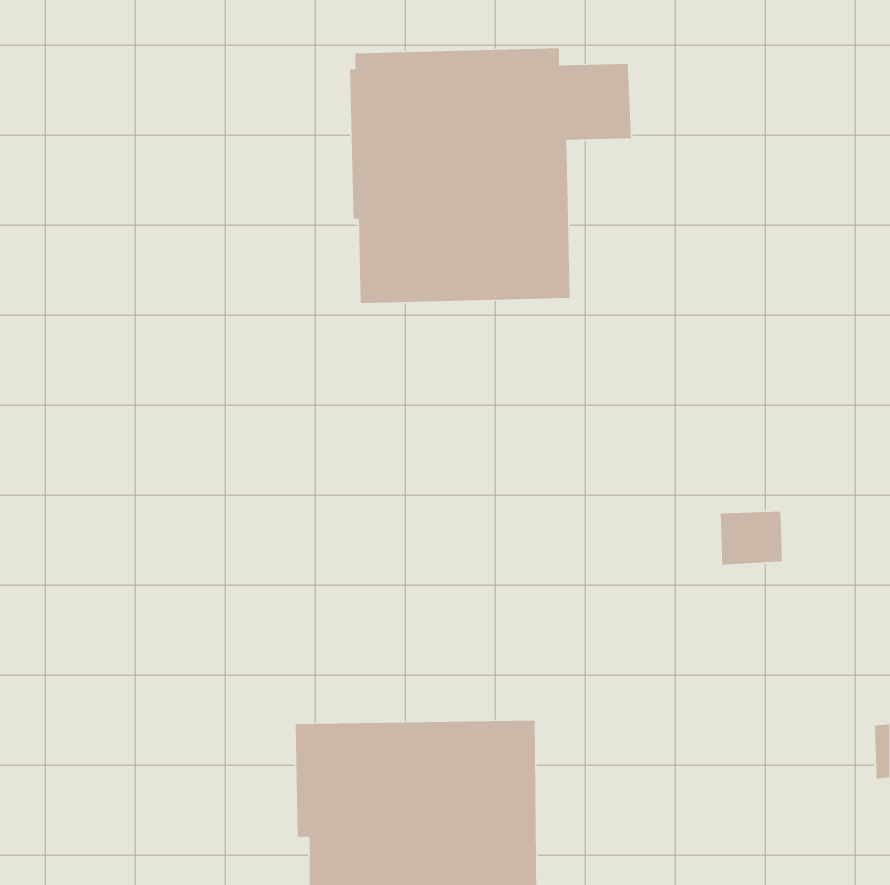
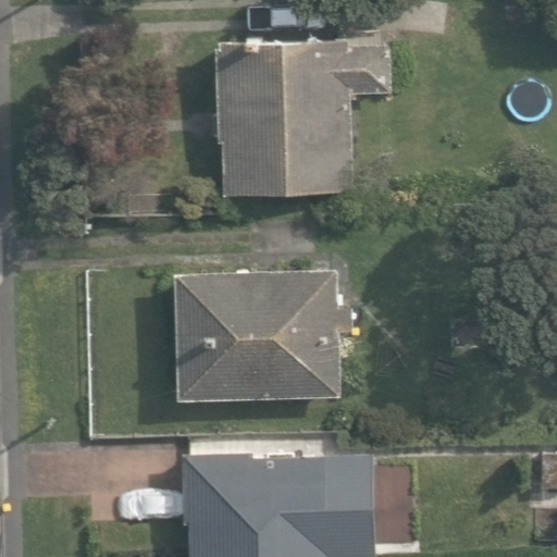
building: none -> [176,272,354,403]

